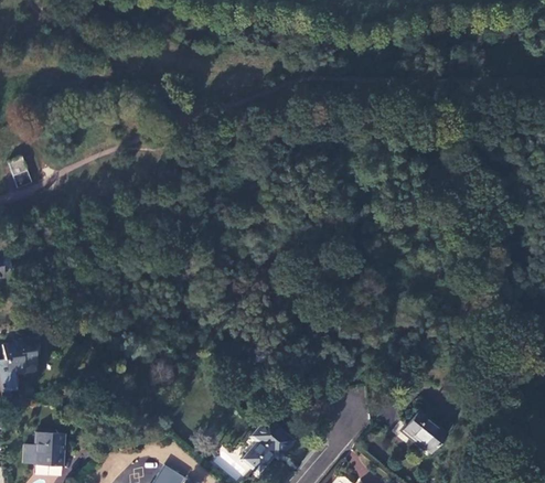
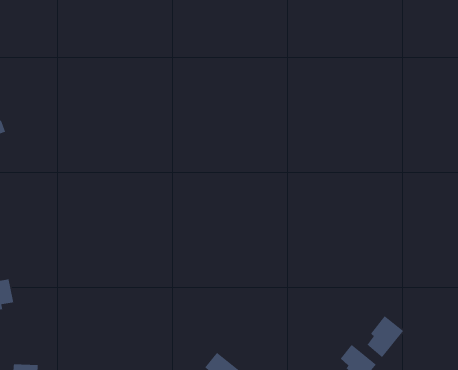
building: none -> [366,315,404,358]

